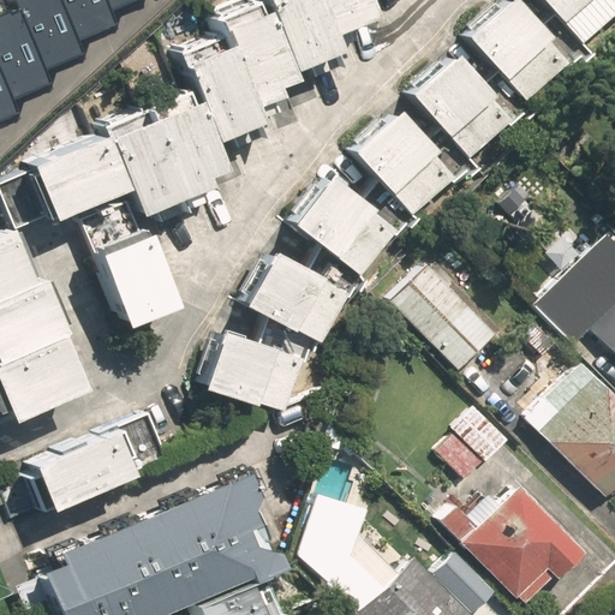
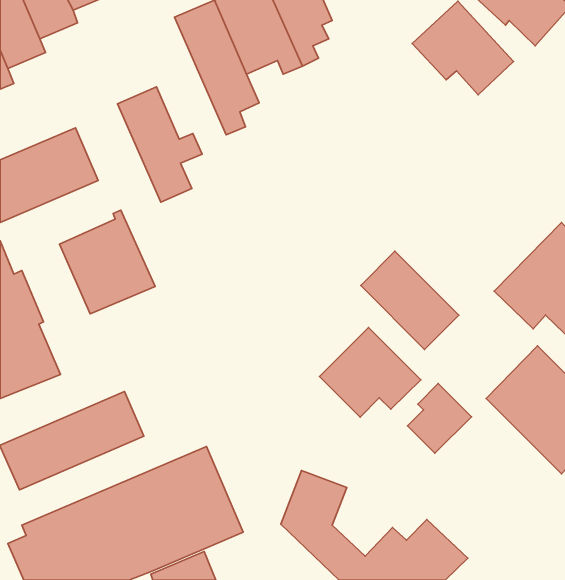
building: [166,32,257,149] -> none
building: [399,59,504,159] -> none
building: [85,84,189,225] -> none
building: [341,118,446,219] -> none
building: [282,183,388,275] -> none
building: [234,255,344,346] -> none
building: [195,340,300,412] -> none
building: none -> [320,327,421,417]
building: [456,483,596,602] -> none

